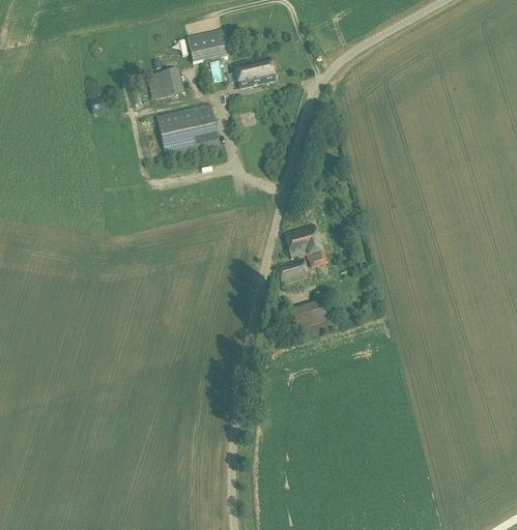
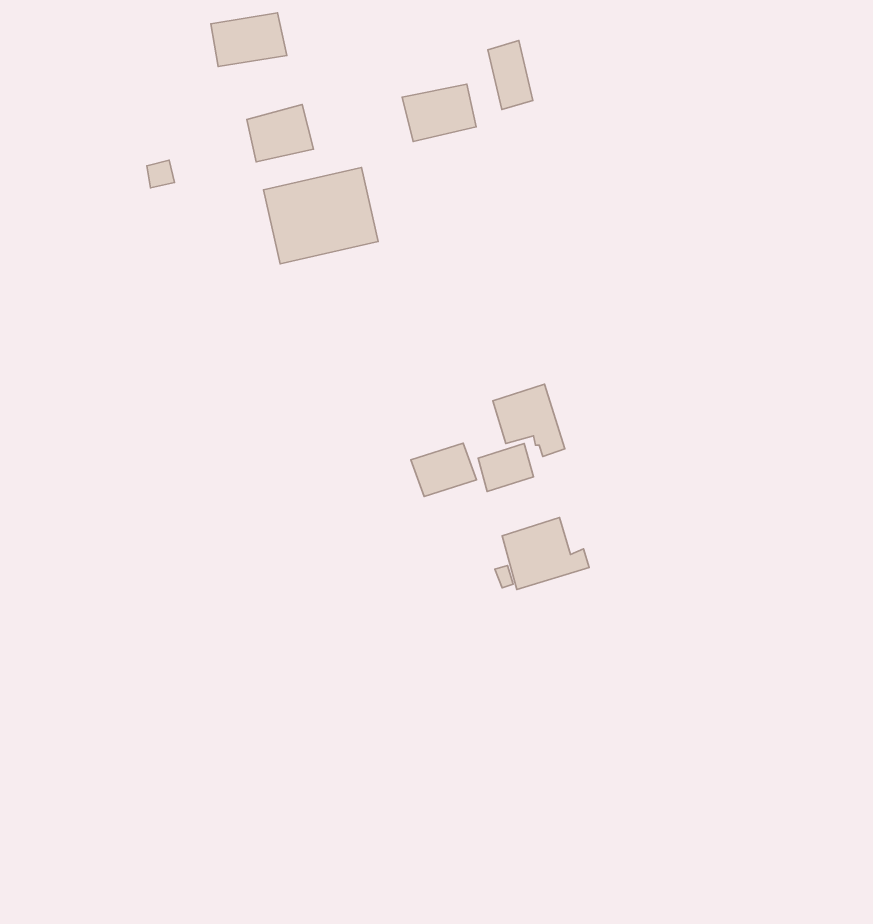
building: [191,28,233,58] -> [211,13,287,67]
building: none -> [488,41,533,109]
building: none -> [411,443,476,497]

